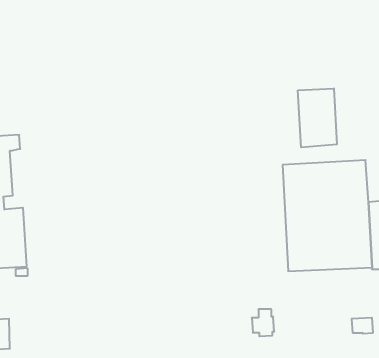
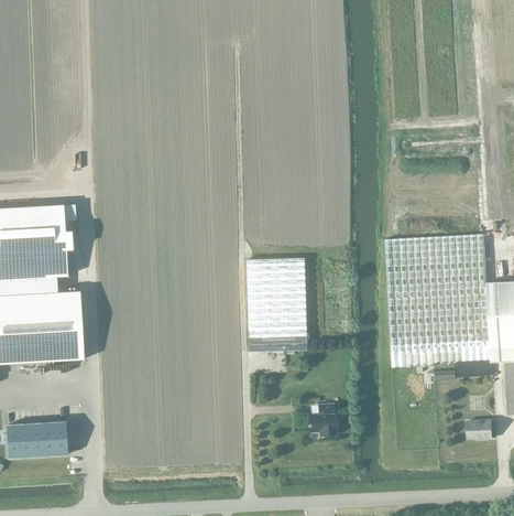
building: [298,88,337,147] -> none
building: none -> [247,258,306,352]
building: [252,309,274,336] -> [310,405,337,437]

